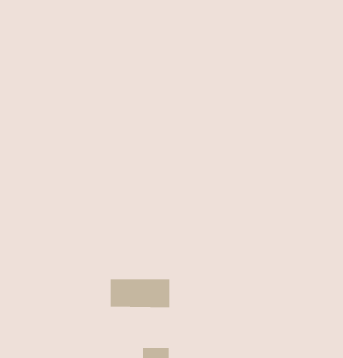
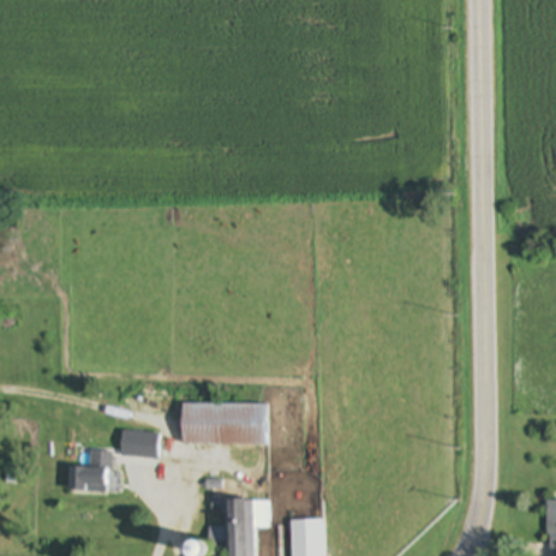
building: none -> [121,430,159,456]
building: none -> [68,449,110,491]

